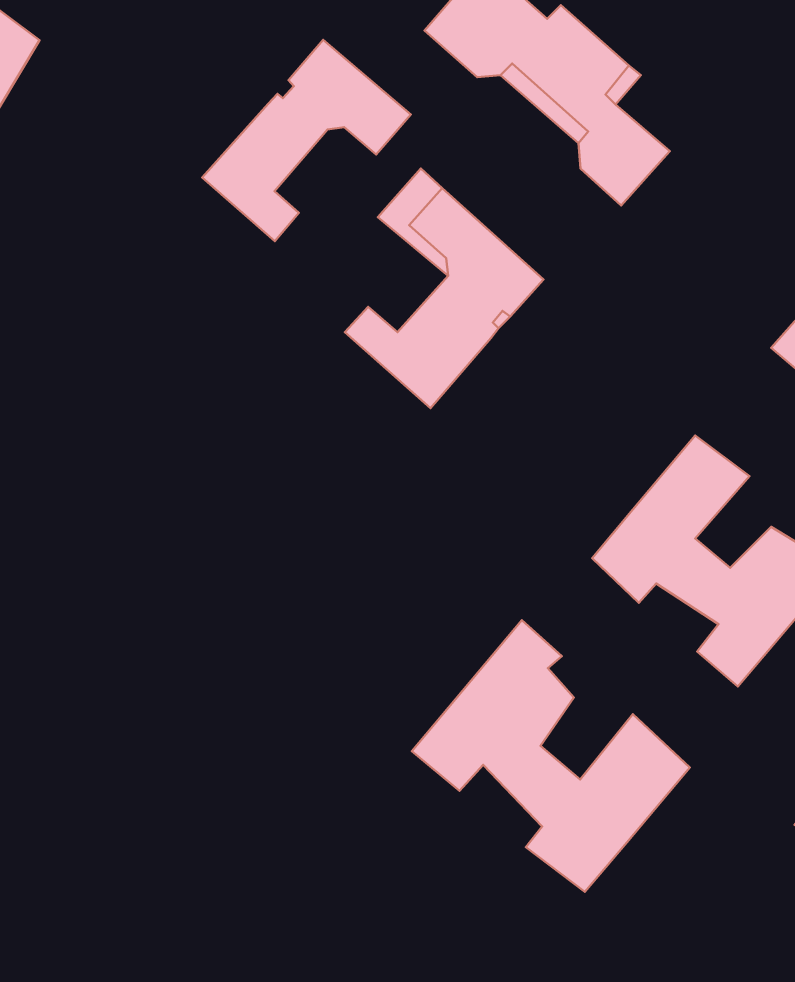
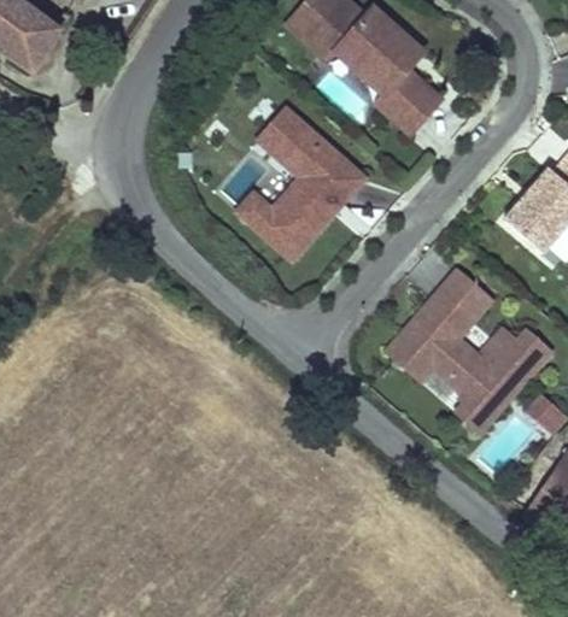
building: [202,40,411,241] -> none
building: [412,620,690,892] -> none

